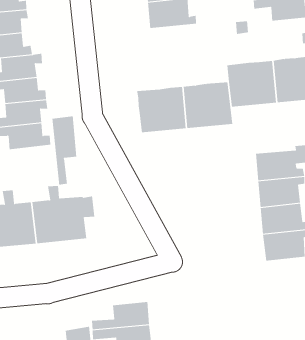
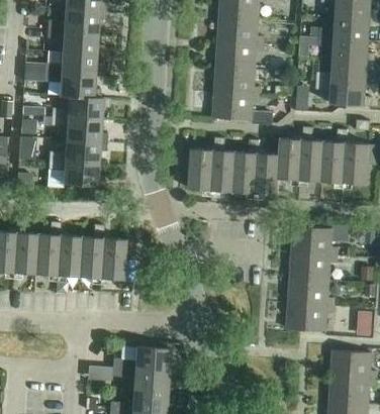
building: none -> [212,92,259,120]
building: [52,115,77,185] -> none

